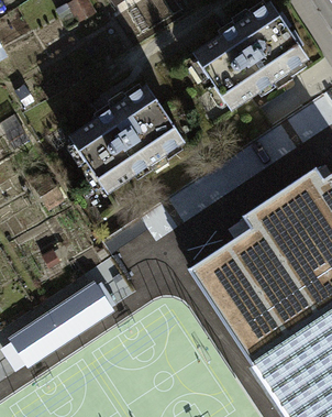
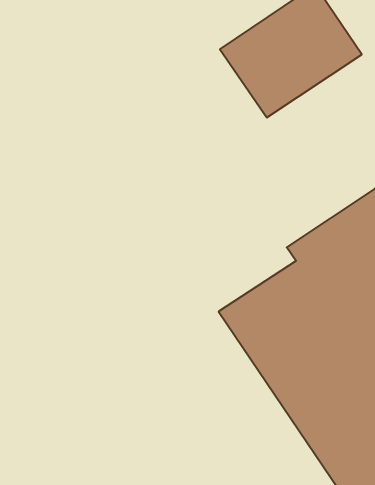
building: [68,86,182,193] -> none
building: [18,287,111,361] -> none

